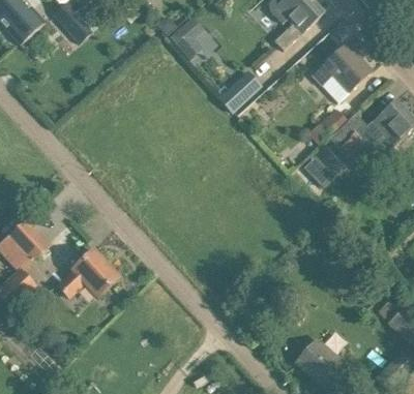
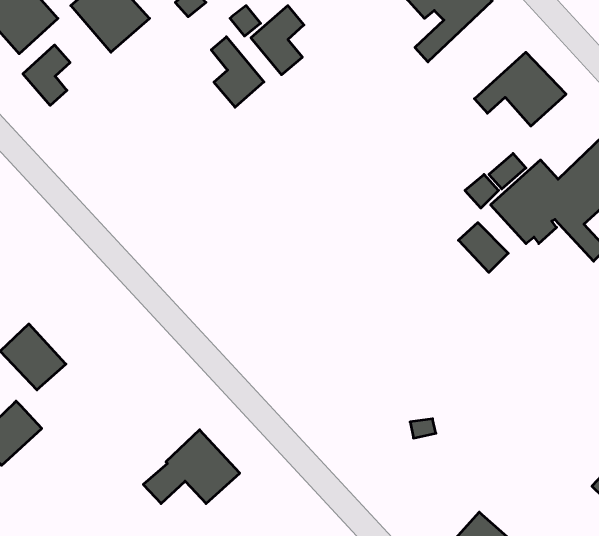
building: none -> [211,37,264,107]
building: none -> [23,45,70,105]
building: [218,70,259,110] -> none
building: [57,248,119,296] -> [143,430,240,504]

